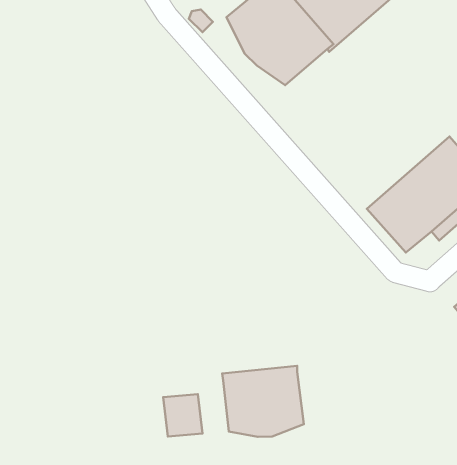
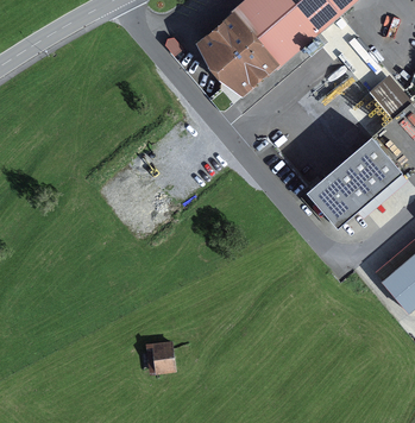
building: [222,366,304,437] -> none

